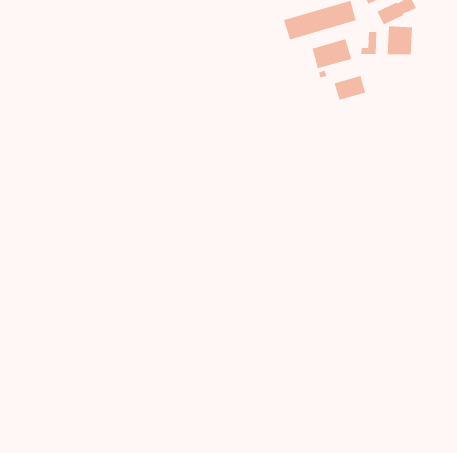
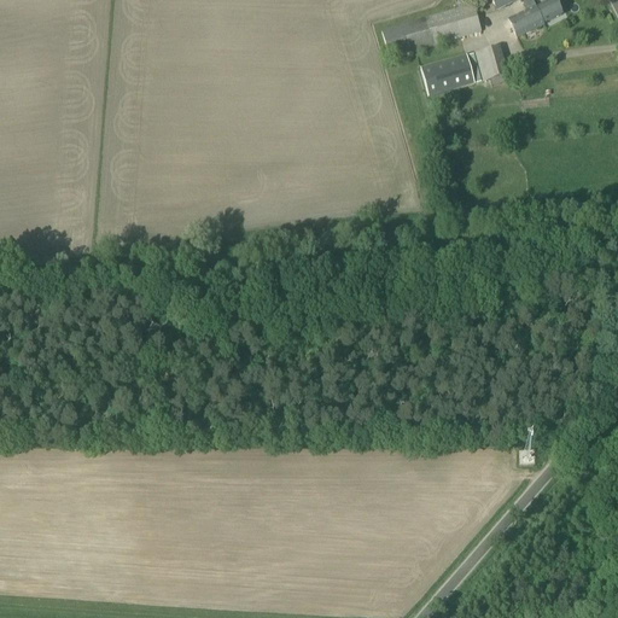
building: [387,25,412,55] -> none
building: [334,75,366,101] -> none

